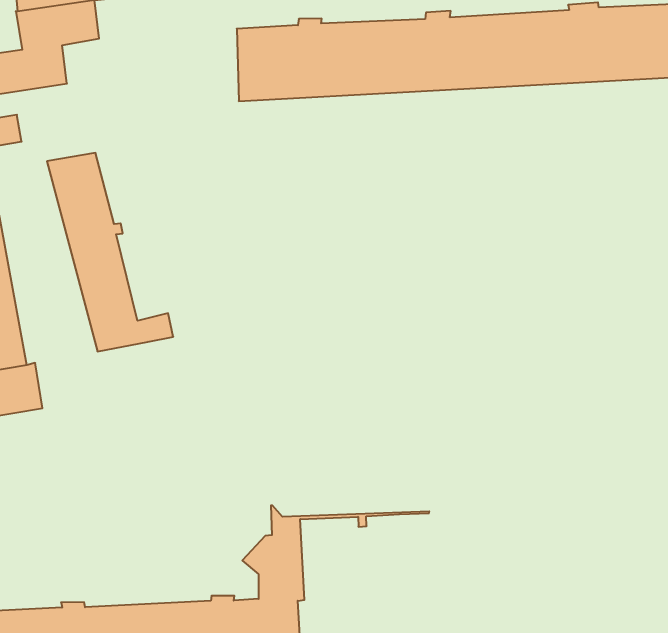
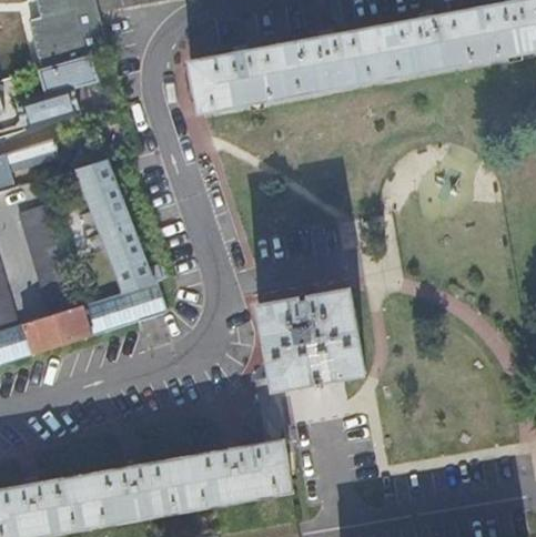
building: none -> [83,282,166,336]
building: none -> [256,290,363,388]

